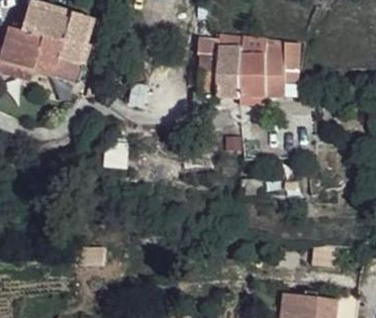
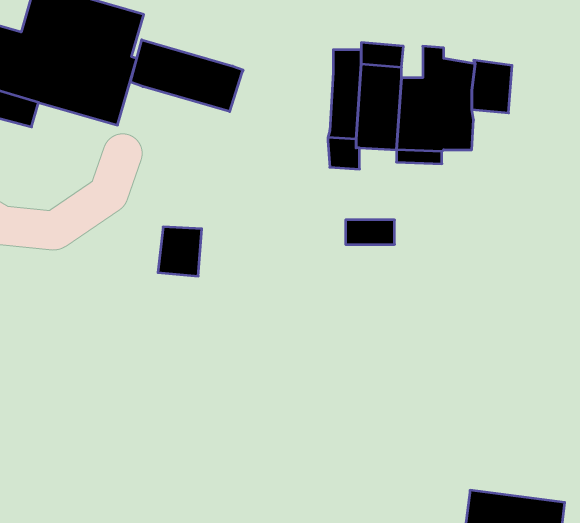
building: none -> [130,40,243,112]

